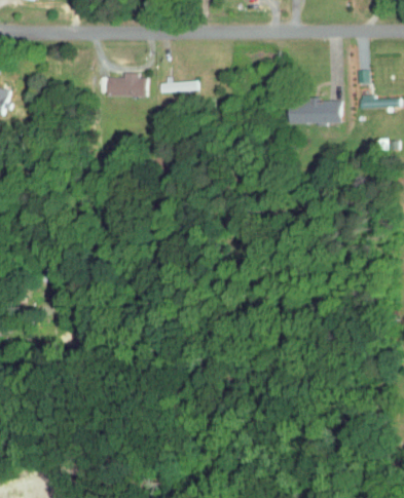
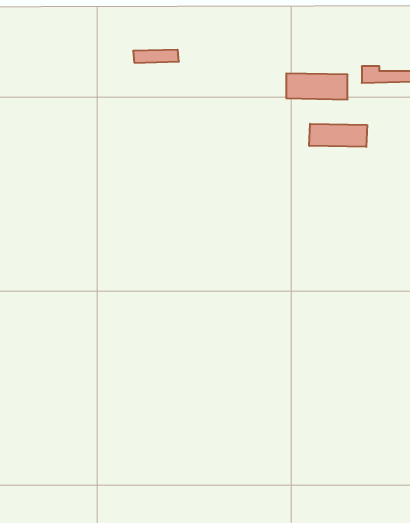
building: [105,73,148,97] -> none
building: none -> [309,124,367,147]

